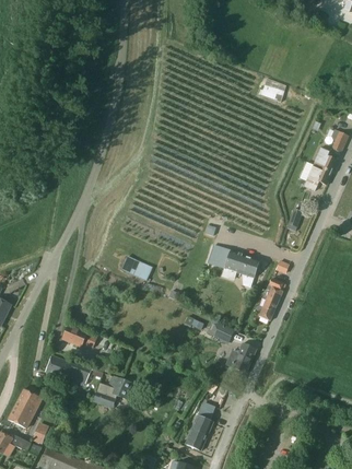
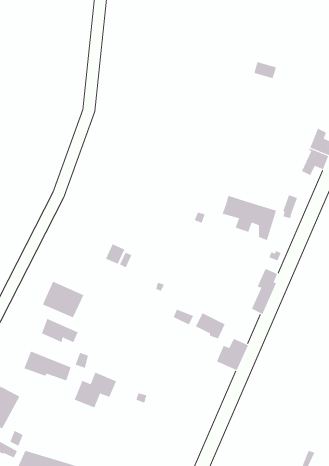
building: [208,246,259,289] -> [222,195,277,241]
building: none -> [42,281,84,318]
building: [185,400,215,450] -> none

